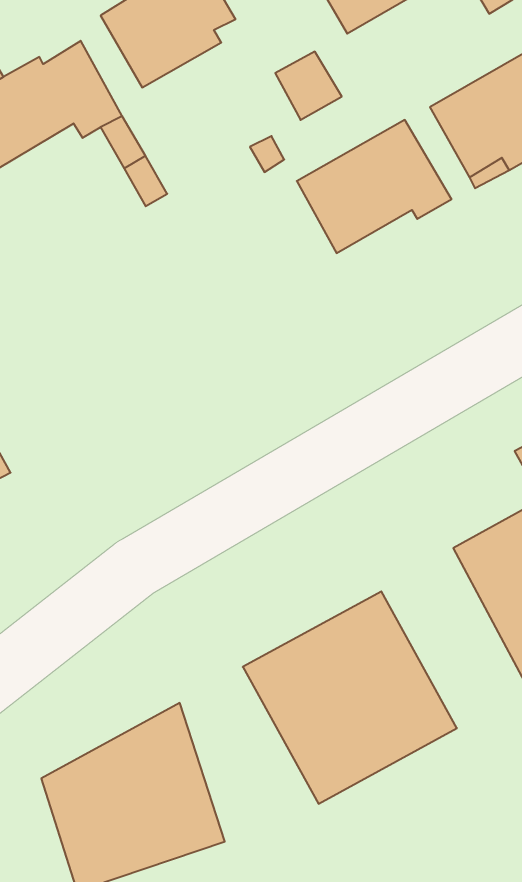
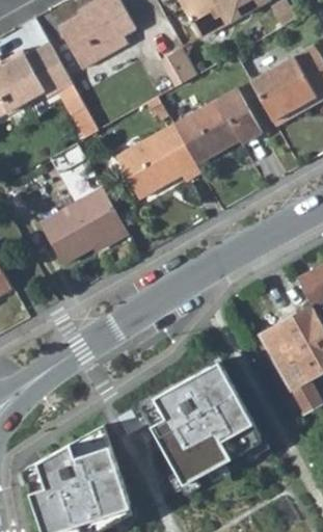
building: none -> [114,124,199,197]
building: none -> [39,187,128,266]

